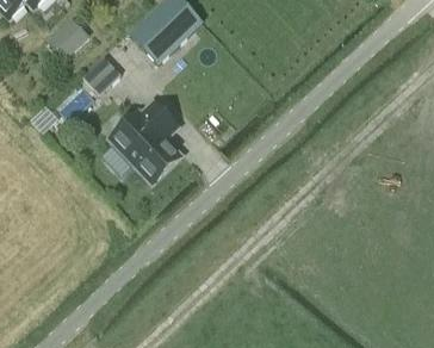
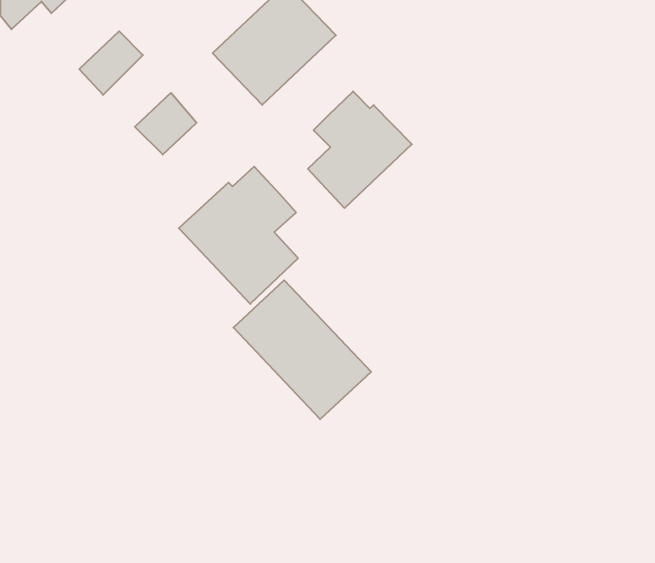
building: none -> [308,91,412,208]
building: none -> [233,280,371,419]

